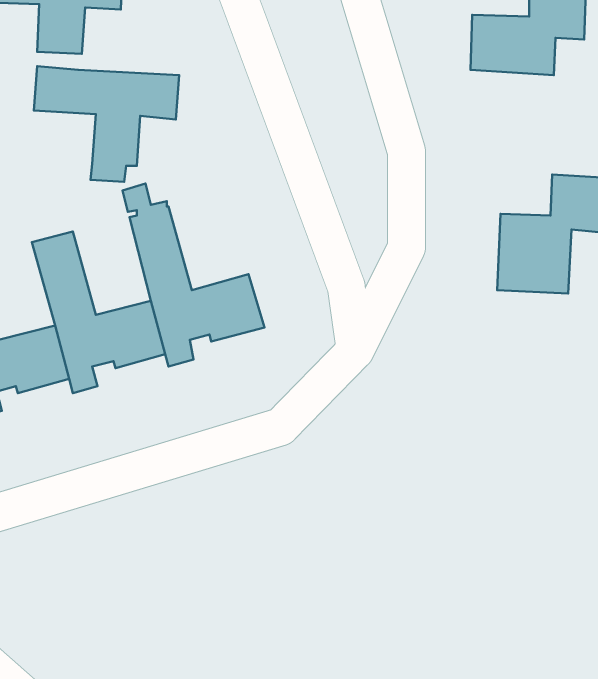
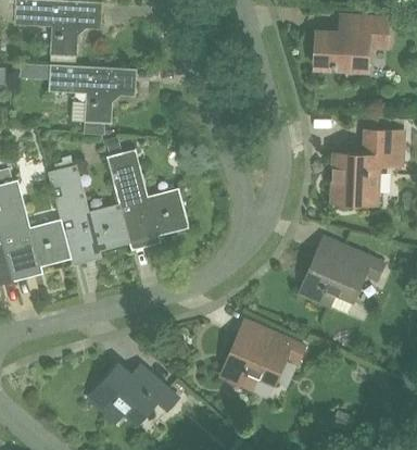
building: none -> [299,245,382,307]
building: none -> [220,327,304,388]
building: none -> [89,364,178,420]

